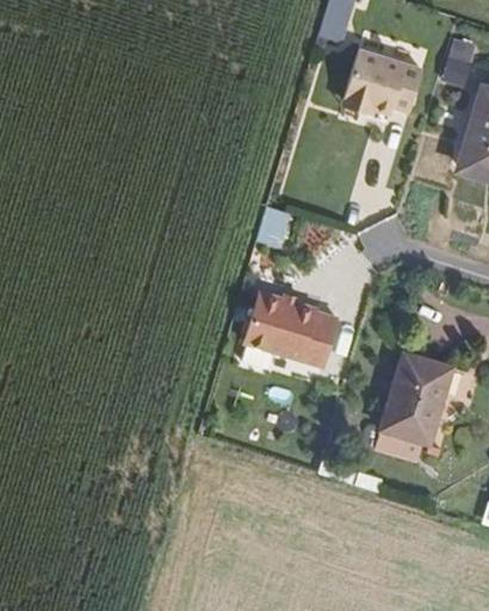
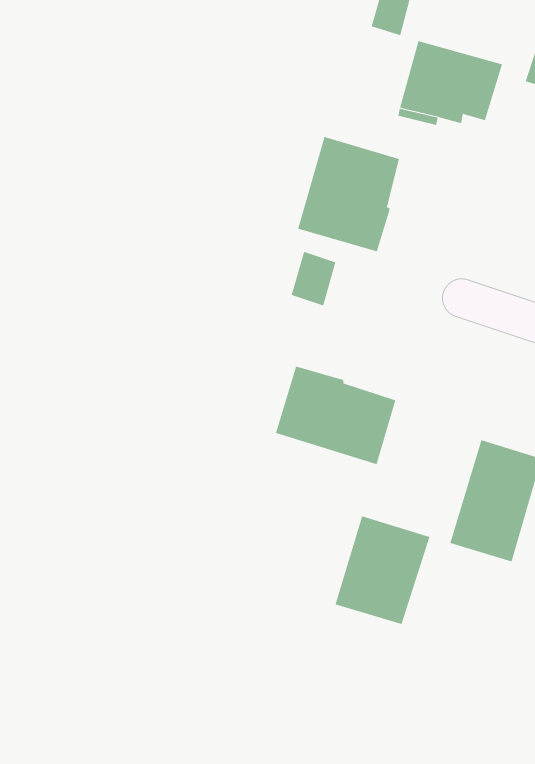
building: none -> [297,136,400,252]
building: none -> [335,516,430,625]

